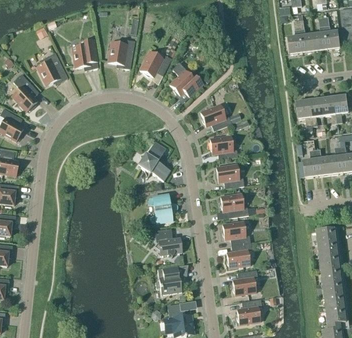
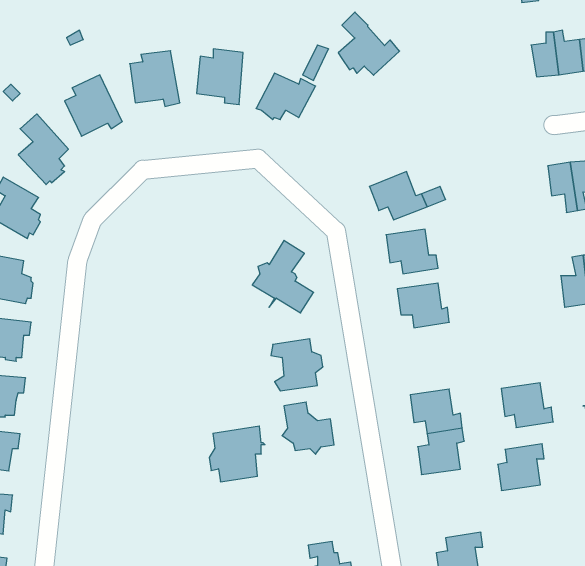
building: [169,62,202,96] -> [338,12,400,75]
building: [220,193,248,217] -> [501,383,553,428]
building: [155,264,185,294] -> [209,426,265,482]
building: [232,269,257,294] -> [498,444,544,490]

